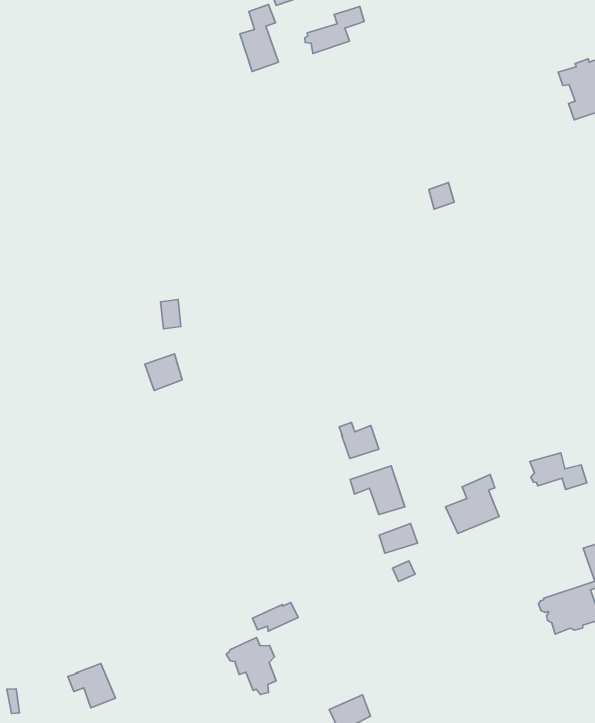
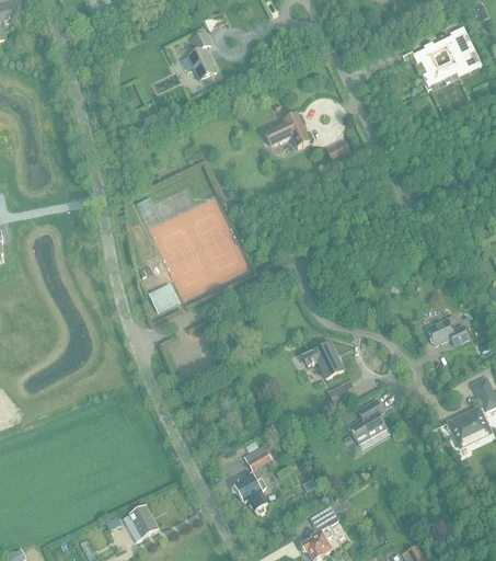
building: [305,7,364,53] -> none
building: none -> [267,113,309,148]
building: [339,423,379,458] -> none
building: [445,475,499,533] -> [347,399,385,443]

